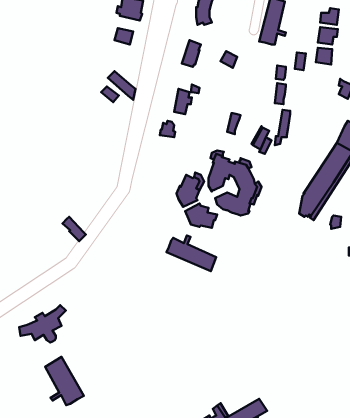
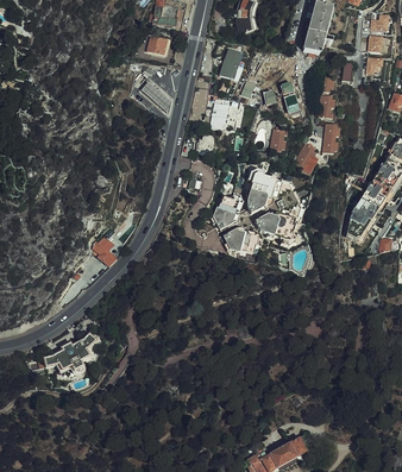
building: [166,236,216,271] -> none
building: [45,357,84,405] -> none

